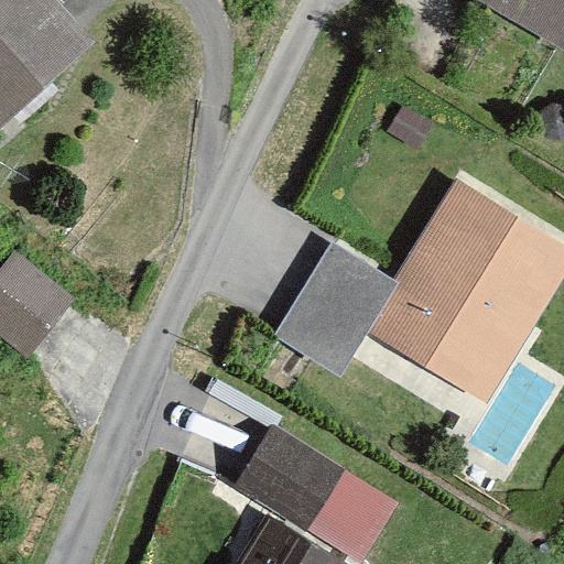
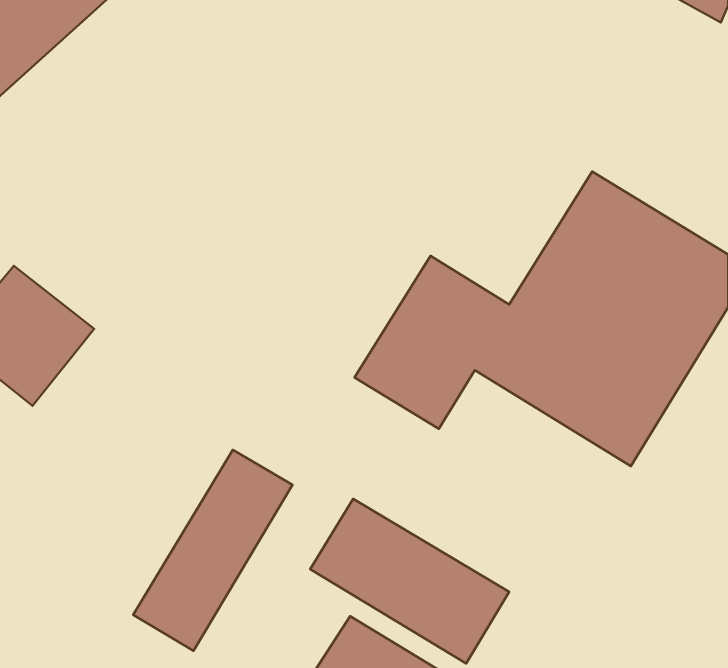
building: none -> [133,450,292,651]

